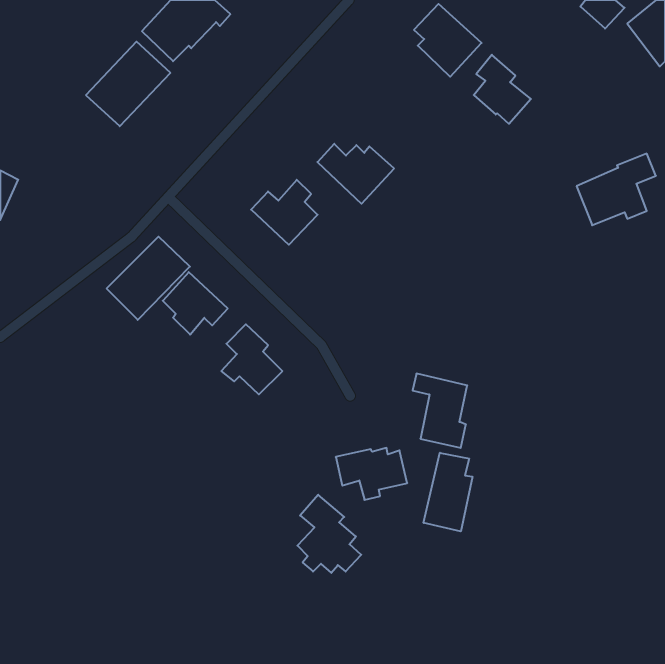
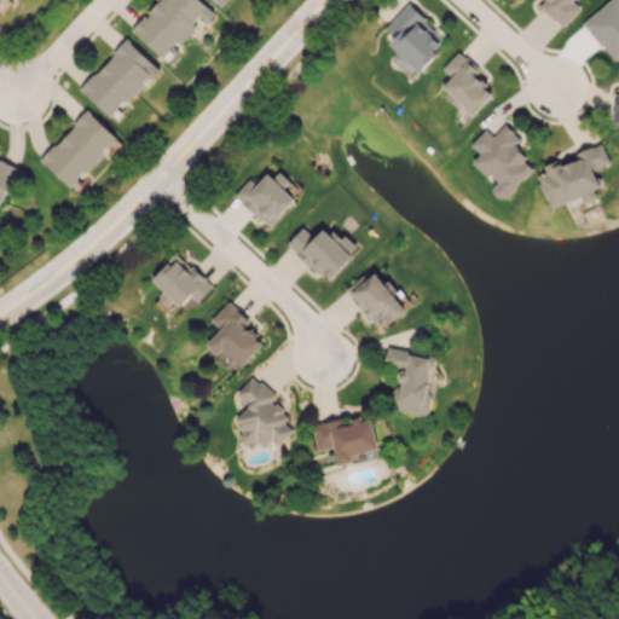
building: none -> [470,125,534,202]
building: [317,144,394,204] -> [287,227,358,283]
building: [107,237,190,320] -> [40,111,117,189]
building: none -> [348,272,407,324]
building: [424,453,472,531] -> none
building: [297,495,361,573] -> [233,376,293,449]

